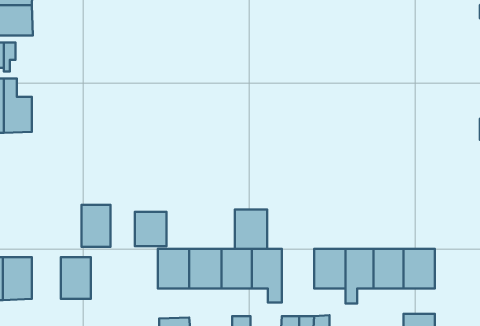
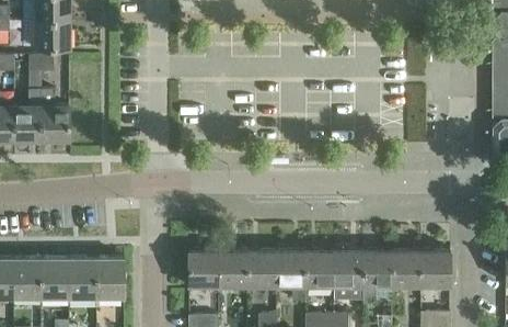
building: [82,205,111,247] -> [69,259,96,298]
building: [235,210,267,249] -> [305,251,336,289]
building: [135,212,167,246] -> none

